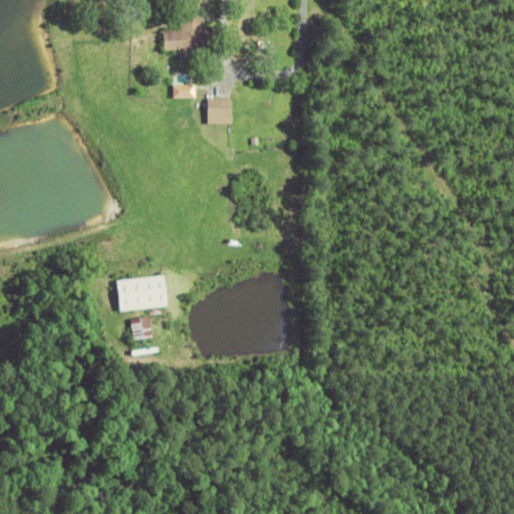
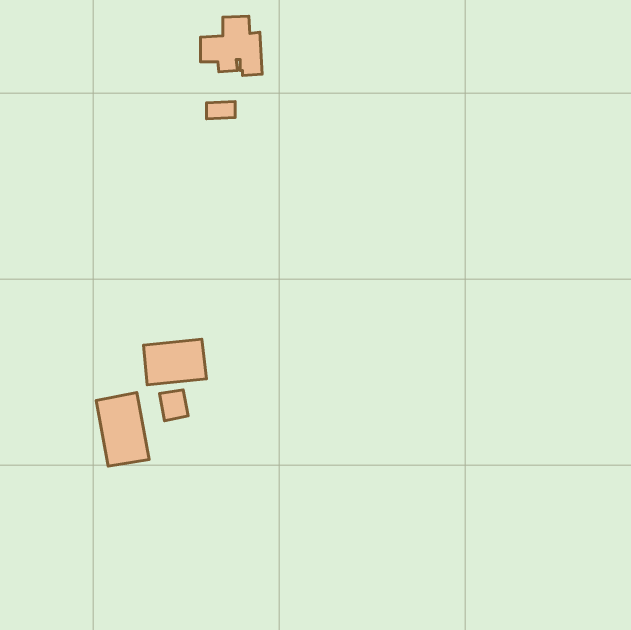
building: [207,97,231,123] -> none
building: none -> [96,392,149,466]

